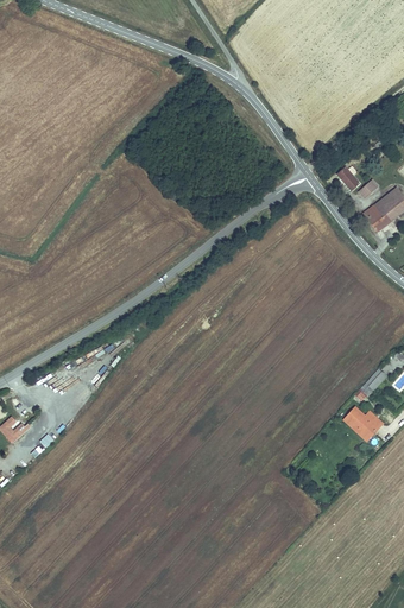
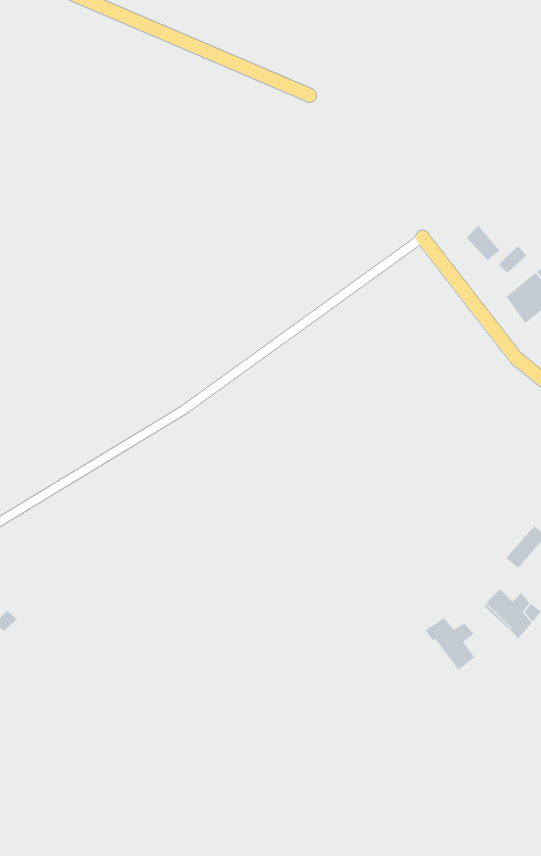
building: none -> [425,618,476,670]

